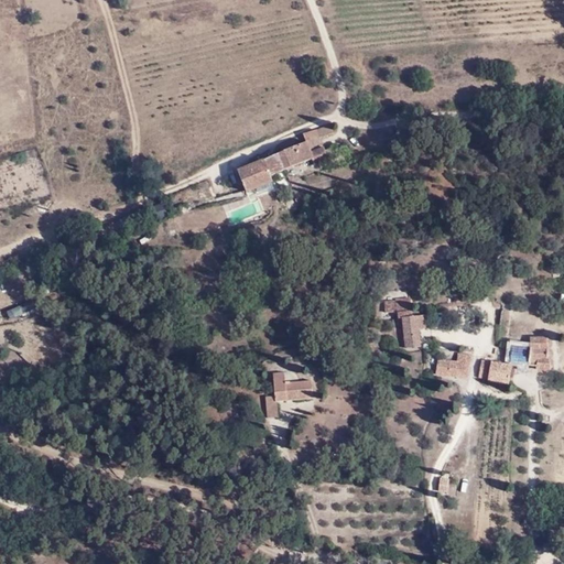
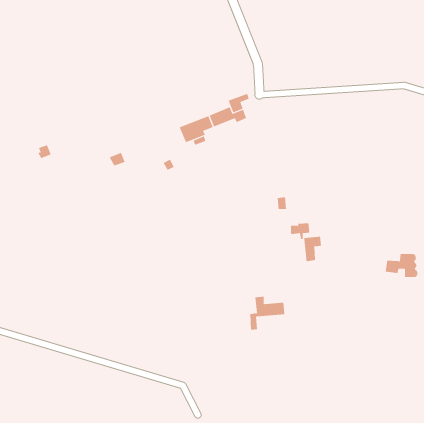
building: [435,351,470,376] -> none
building: [478,359,511,382] -> none
building: [265,371,313,416] -> [249,296,285,330]

